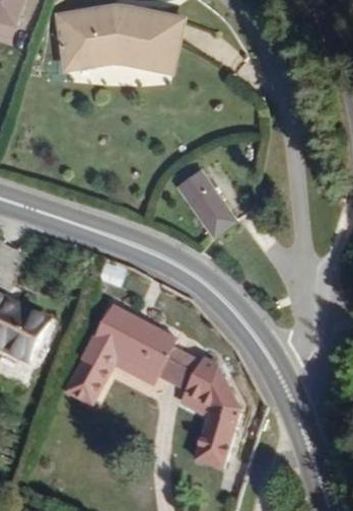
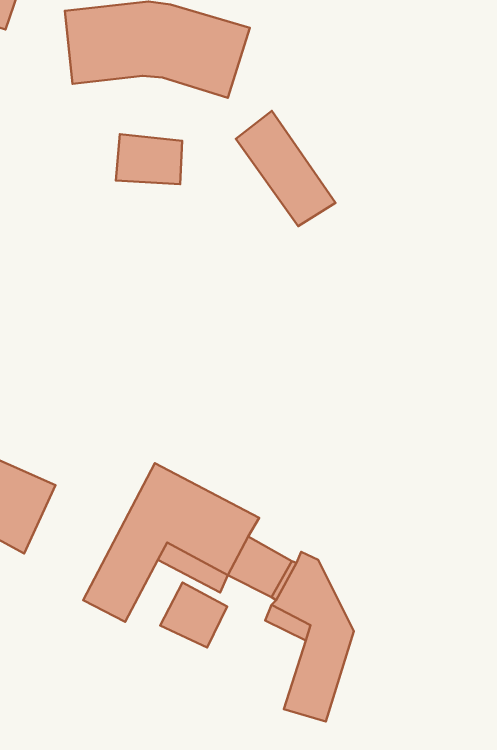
building: none -> [116,134,182,184]
building: [172,158,237,233] -> [236,111,335,226]
building: none -> [160,582,227,648]

